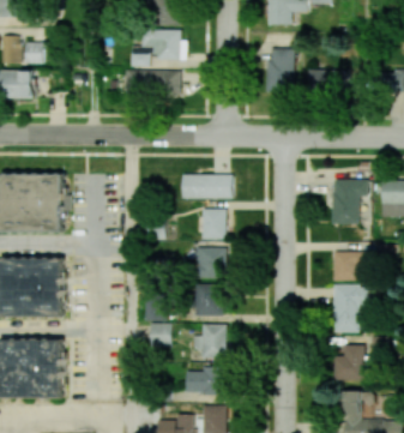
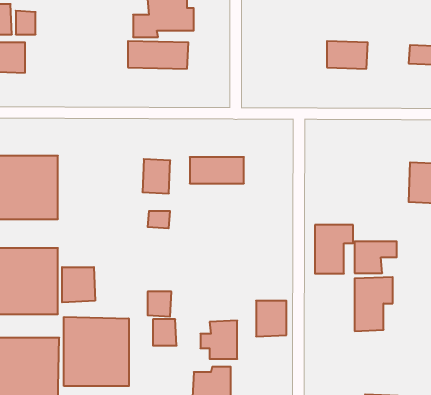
building: [265,49,293,94] -> none
building: [332,180,367,224] -> [315,225,353,274]
building: [200,209,225,240] -> [142,159,170,193]
building: [195,248,225,278] -> none
building: none -> [62,267,95,302]
building: [194,284,222,317] -> [256,301,286,336]
building: none -> [64,317,129,386]
building: [332,345,362,380] -> none

